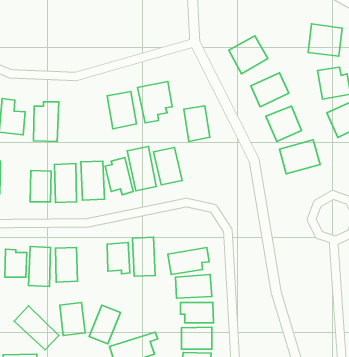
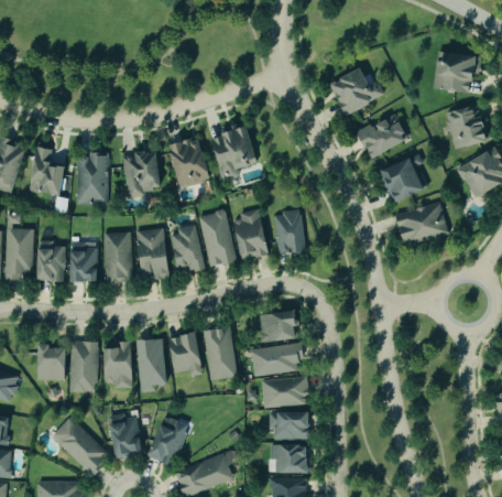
building: none -> [121,151,163,196]
building: [184,106,210,141] -> [272,210,306,257]
building: none -> [37,241,65,282]
building: none -> [259,312,297,342]
building: none -> [137,339,167,392]

